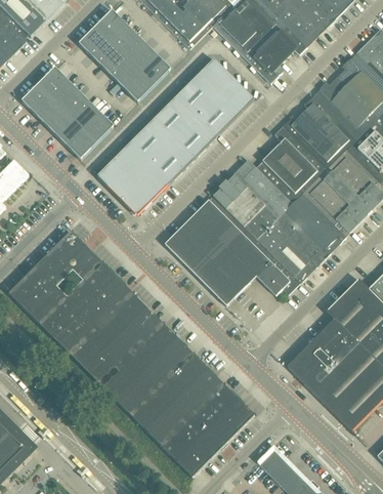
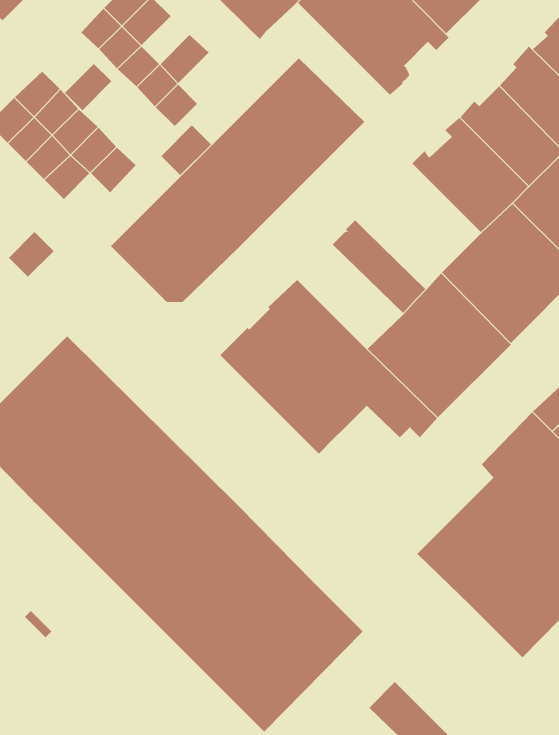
building: [117,33,146,63] -> [64,63,112,111]
building: [139,55,171,87] -> [160,125,212,176]
building: [256,124,327,202] -> none
building: [69,130,97,159] -> [8,231,54,278]
building: [213,174,279,239] -> none

